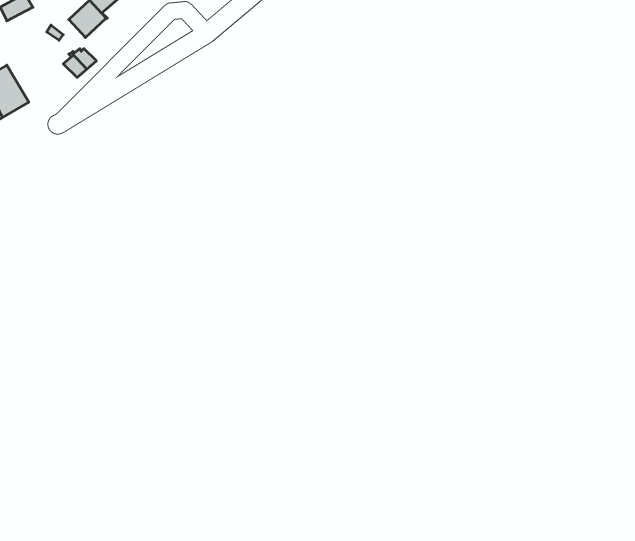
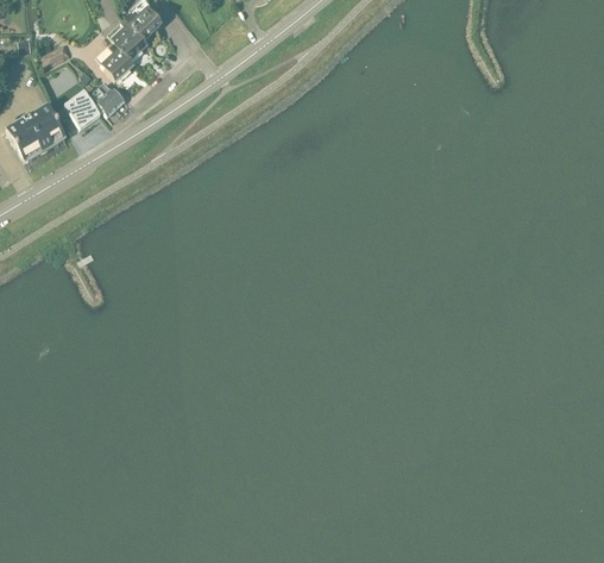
building: none -> [65,96,101,132]

